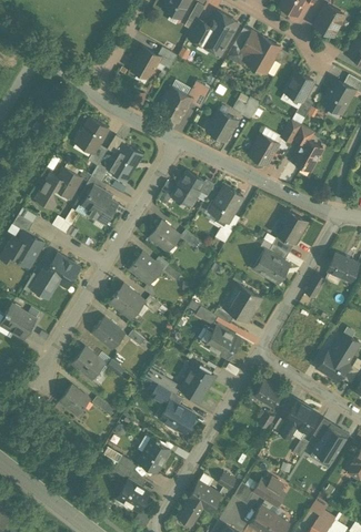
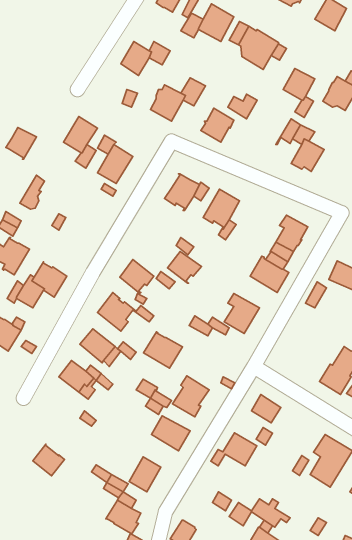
building: [249,134,278,165] -> none
building: [52,168,81,198] -> [6,127,36,159]
building: [81,185,117,225] -> none
building: [148,222,180,252] -> [167,251,201,283]
building: [203,325,240,359] -> [144,332,182,368]
building: [59,385,89,415] -> [33,444,65,476]
building: [273,401,317,432] -> [211,433,257,466]
building: [188,482,219,512] -> none

